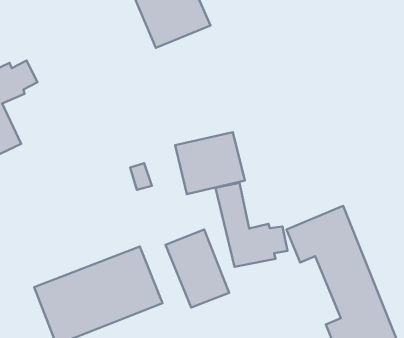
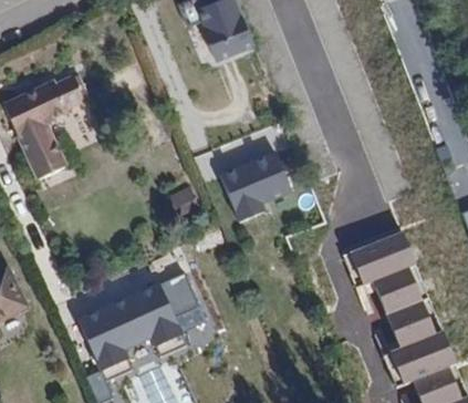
building: [216,183,287,267] -> none
building: [166,230,229,308] -> none

